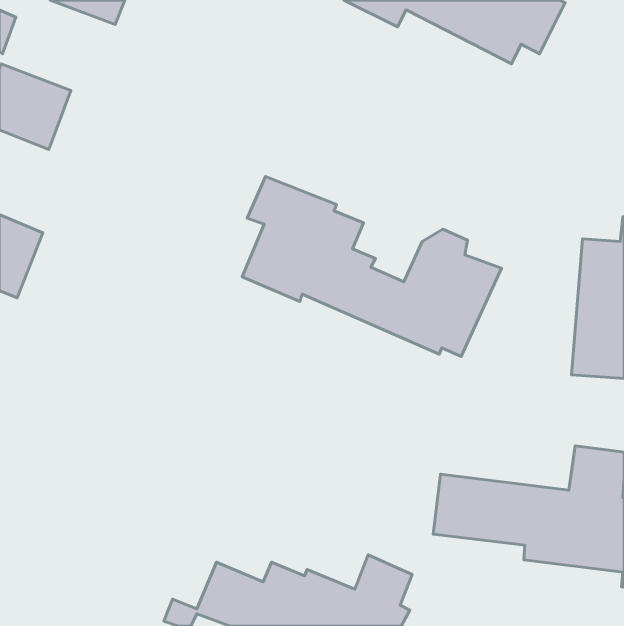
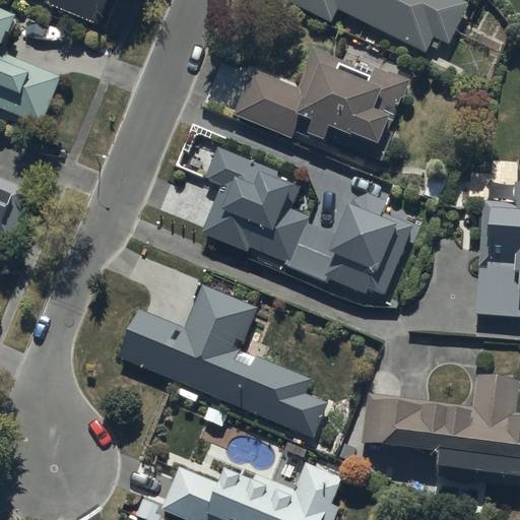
building: none -> [234,46,408,159]
building: none -> [119,284,327,437]

